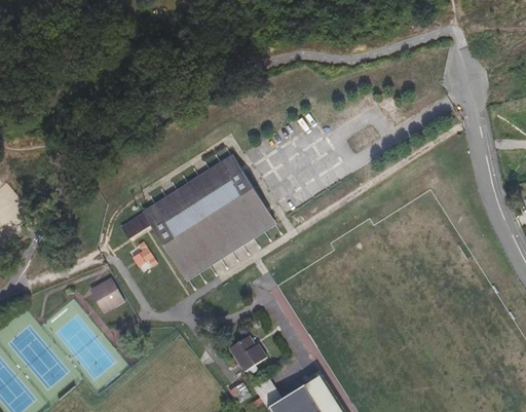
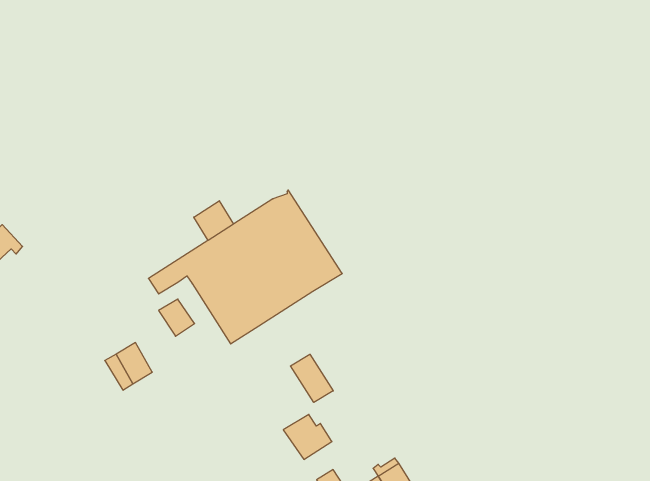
building: none -> [194,201,234,240]
building: none -> [290,354,333,402]

